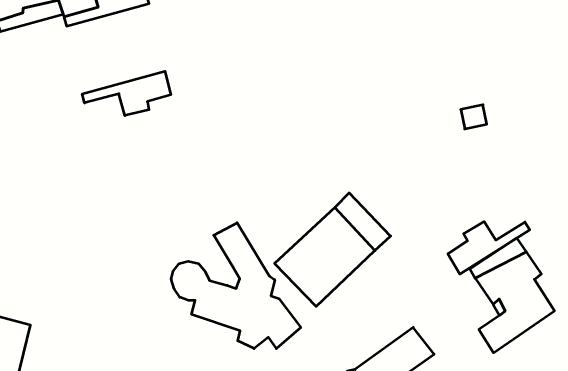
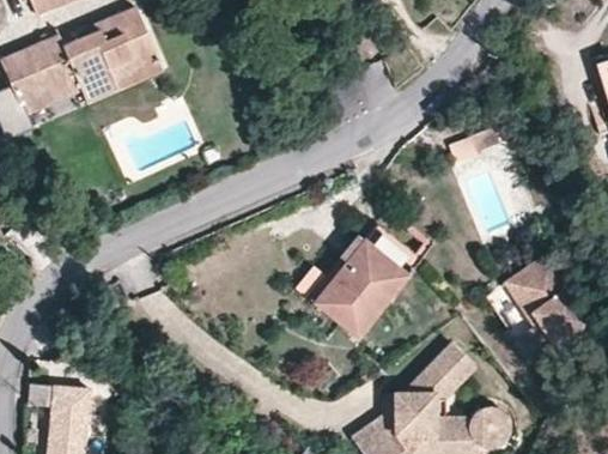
building: [82,71,171,116] -> none
building: [448,222,530,274] -> none
building: [171,223,301,349] -> none

